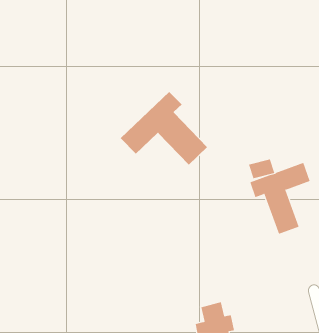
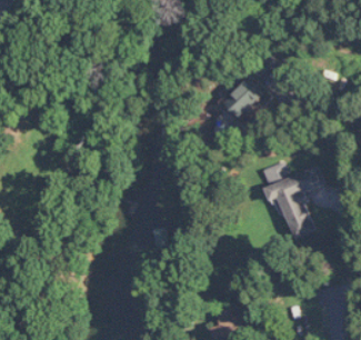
building: none -> [220,78,260,119]
building: [120,91,208,165] -> none

